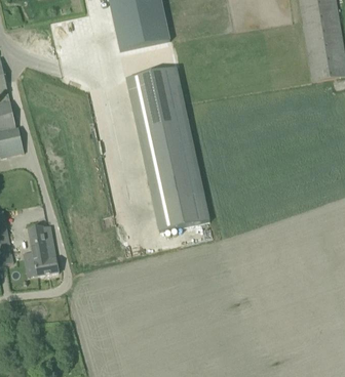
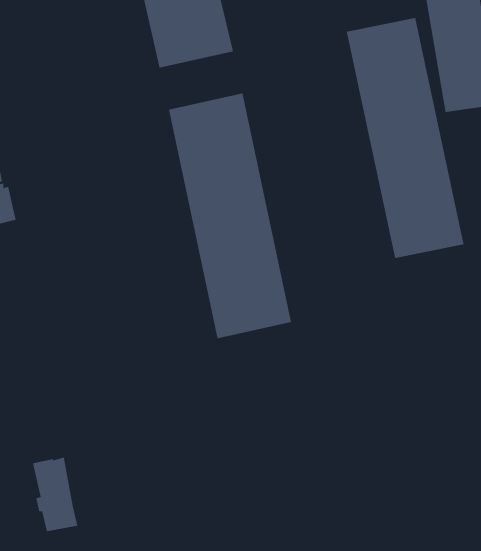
building: none -> [346,17,464,259]
building: [28,225,59,276] -> [32,457,78,532]

